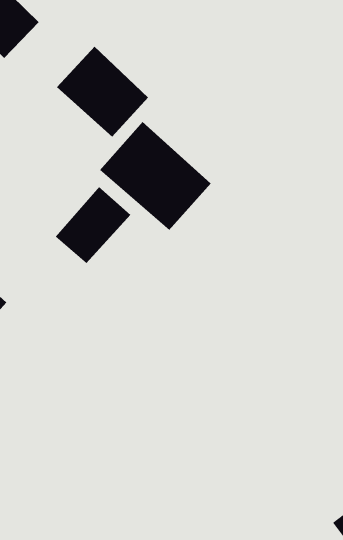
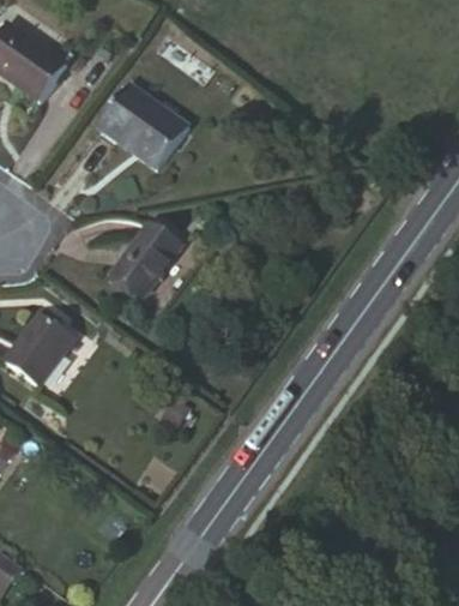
building: [99,121,212,231] -> none

